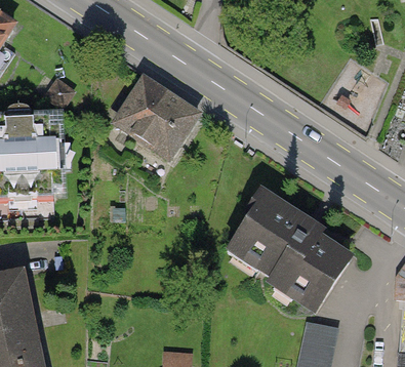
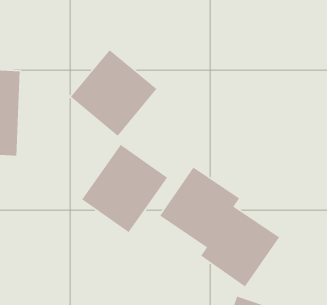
building: none -> [81,144,168,233]

